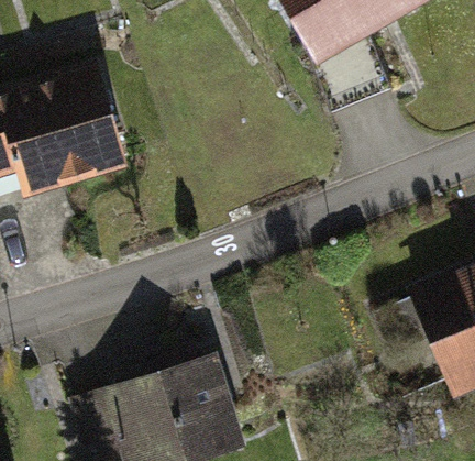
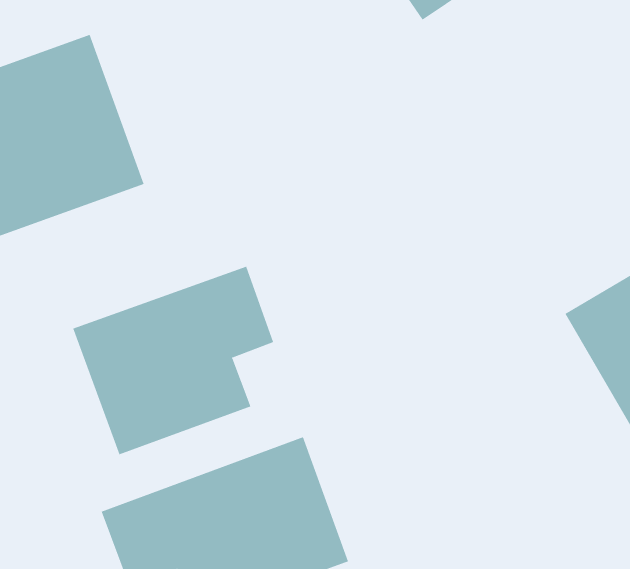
building: none -> [73,266,274,455]

